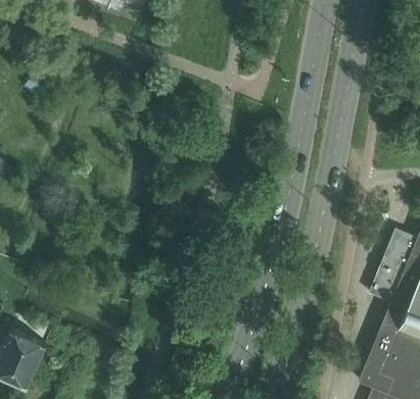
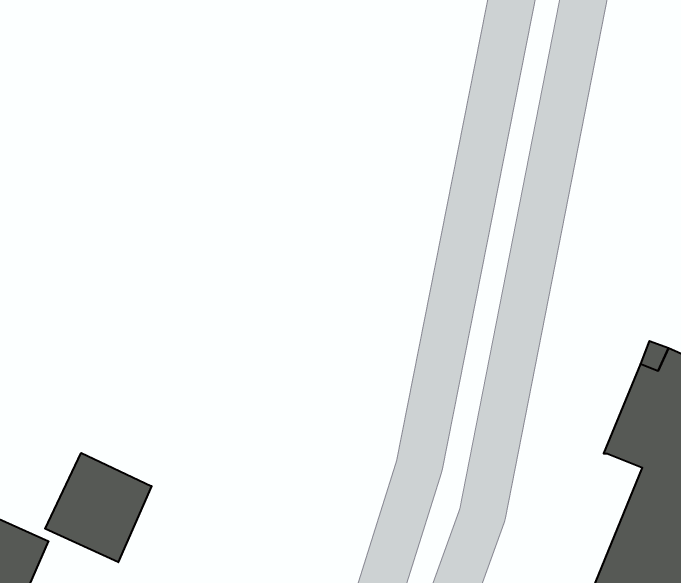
building: none -> [45,453,152,562]

